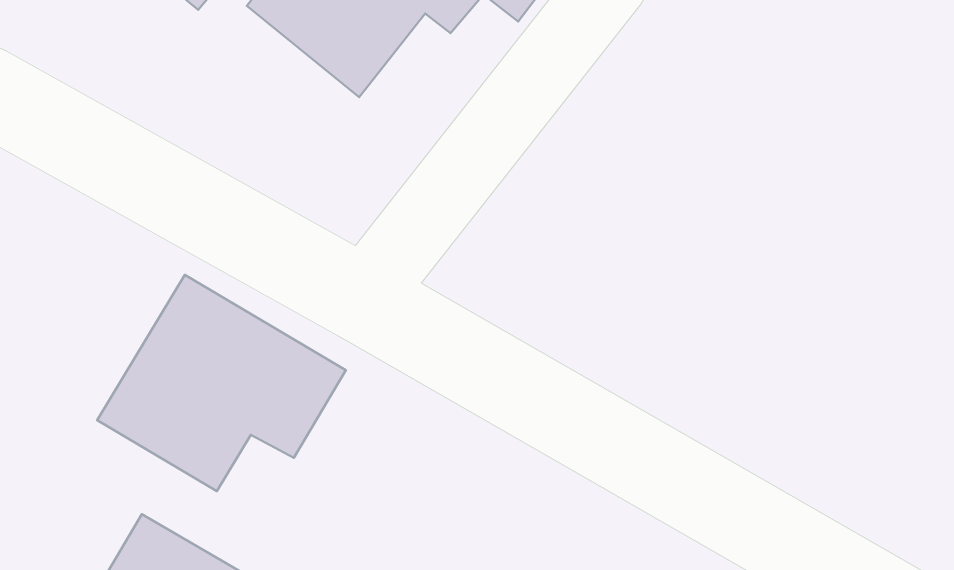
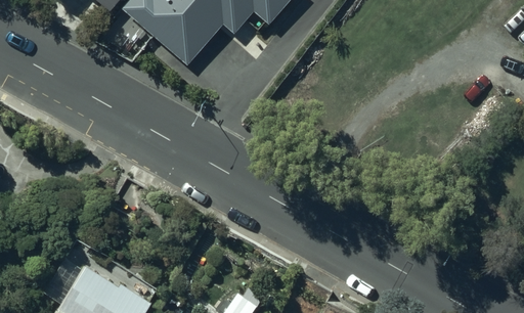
building: [97,275,346,491] -> none

